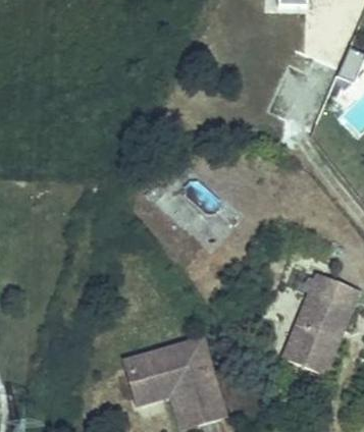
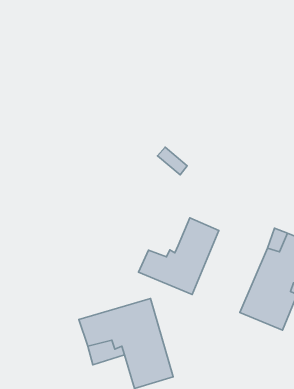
building: none -> [138,218,219,295]

